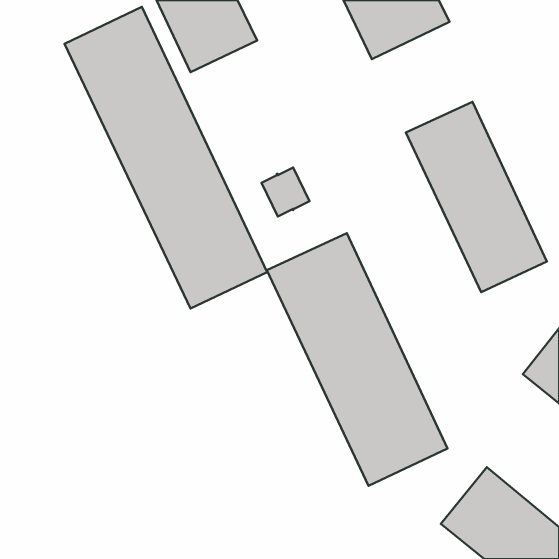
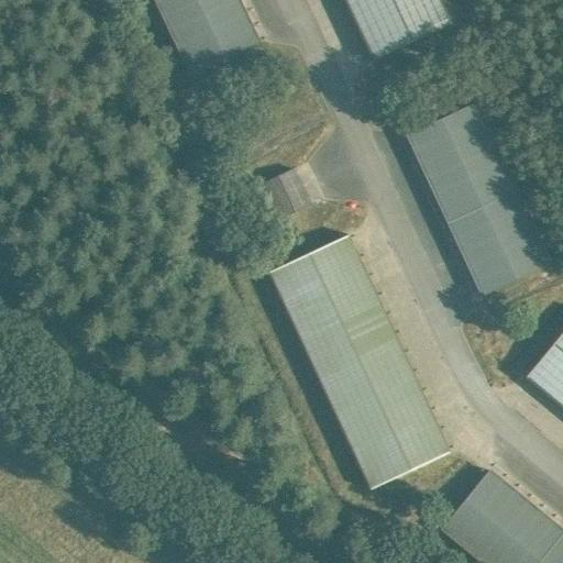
building: [65,7,267,308] -> none

